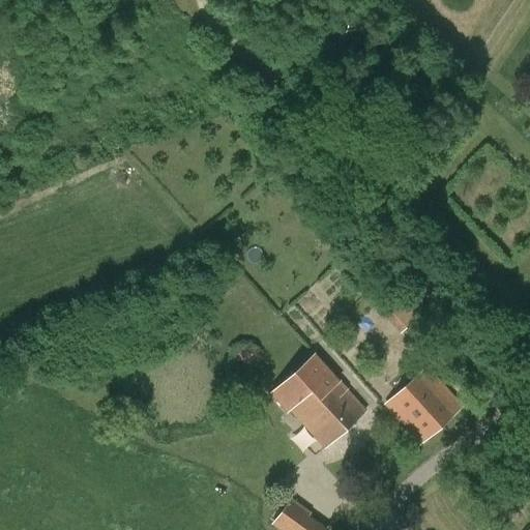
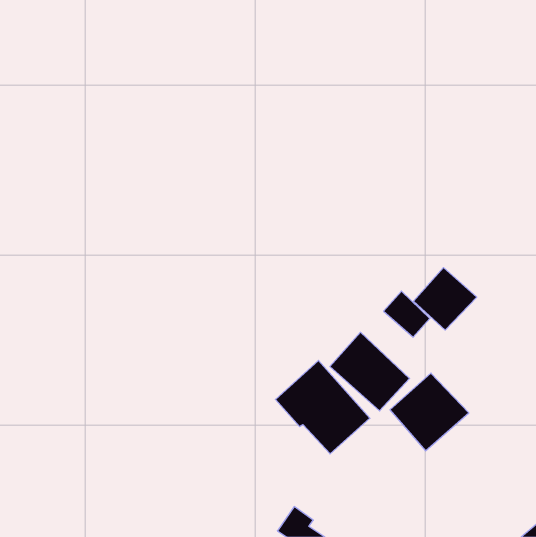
building: none -> [414,268,477,330]
building: none -> [330,332,410,411]

